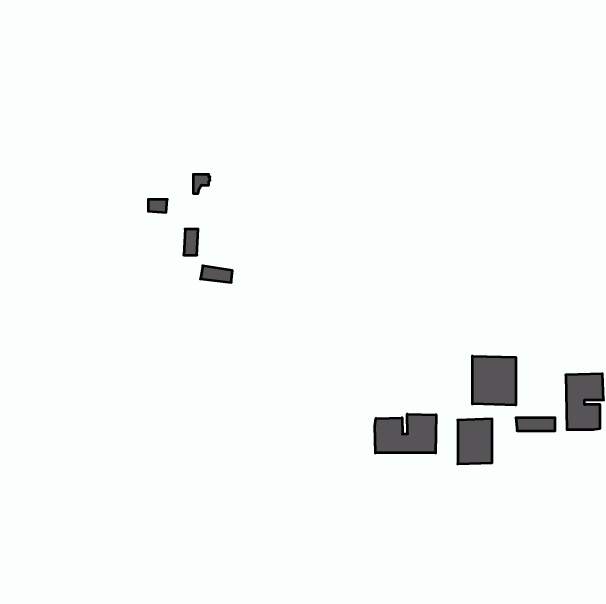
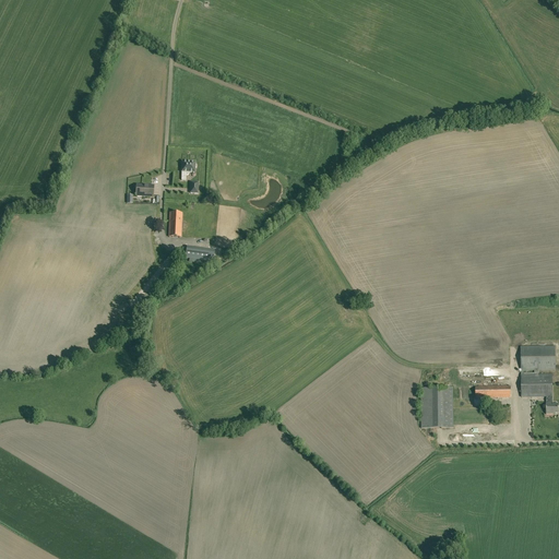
building: [472,356,516,405] -> none
building: [375,414,436,453] -> none

